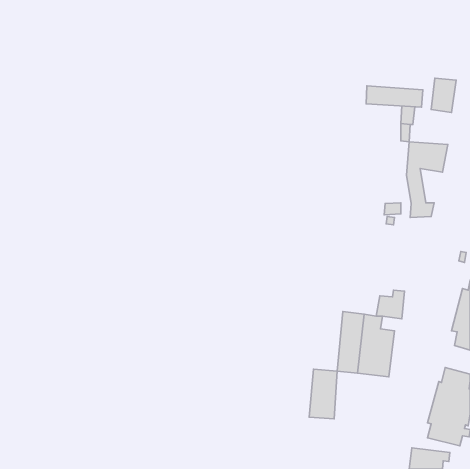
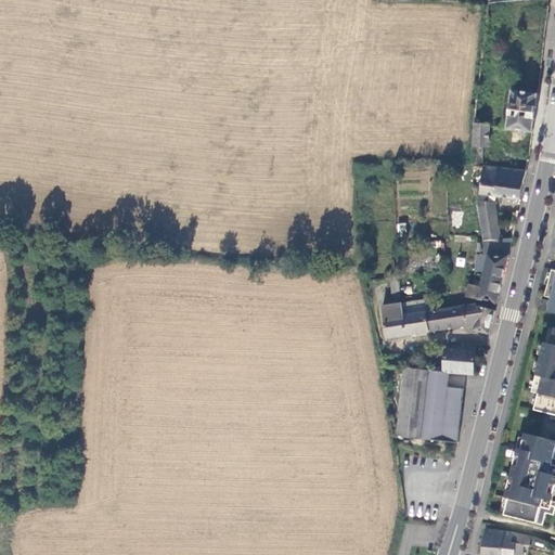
building: [366,86,423,107] -> none
building: none -> [466,255,506,304]
building: none -> [383,298,493,338]
building: [309,369,337,419] -> none

